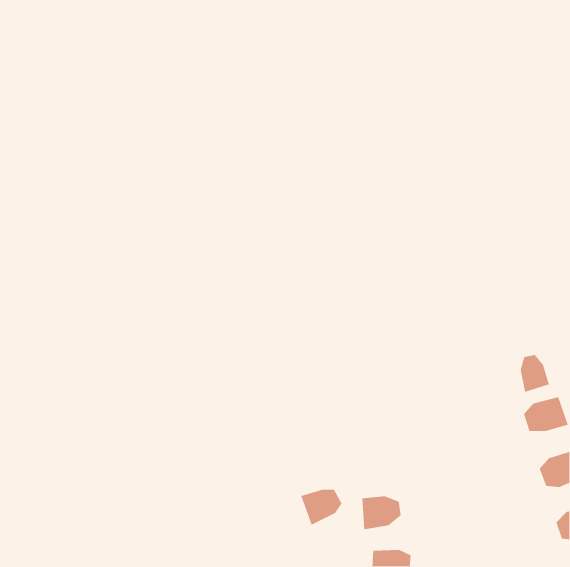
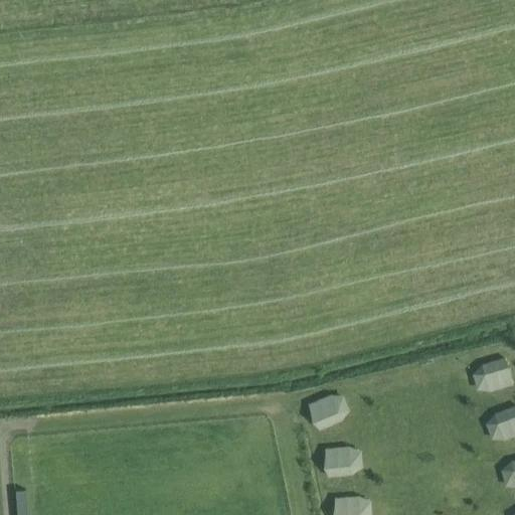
building: [520,354,550,393] -> none
building: [300,489,342,526] -> [309,396,347,430]

